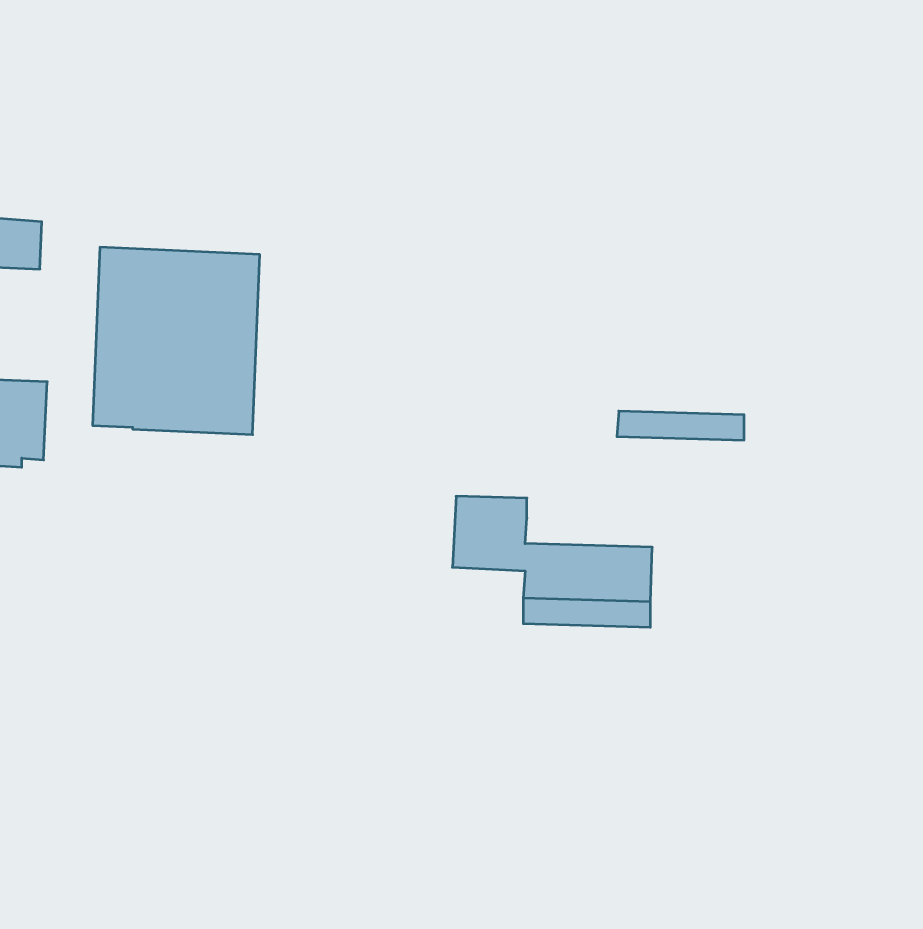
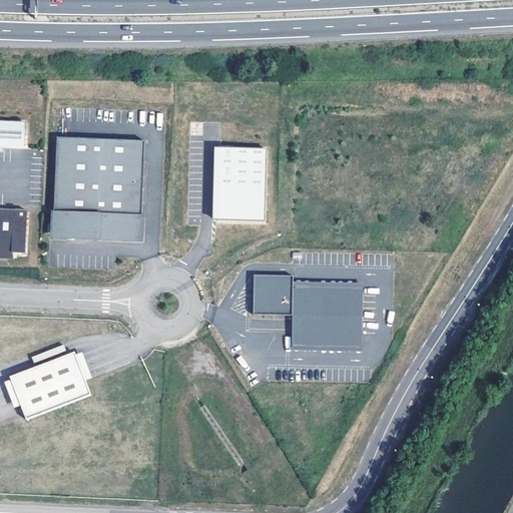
building: none -> [215,147,262,221]
building: [617,411,744,440] -> [290,286,360,302]
building: none -> [8,353,88,420]

